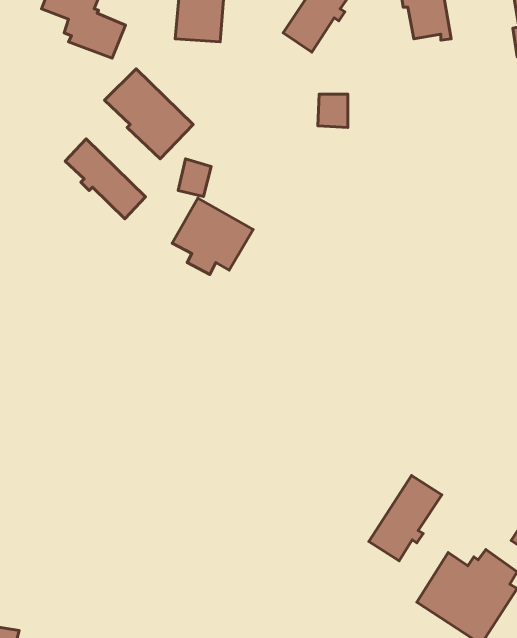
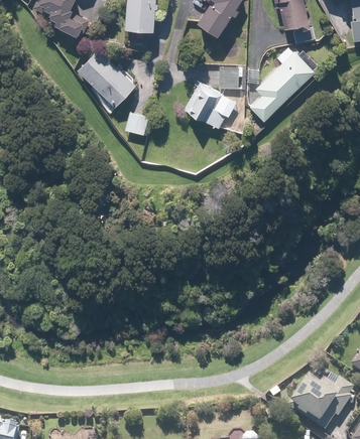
building: none -> [250,48,318,122]
building: [65,139,145,219] -> none
building: [172,198,253,275] -> [183,83,237,134]
building: [369,476,442,561] -> none

